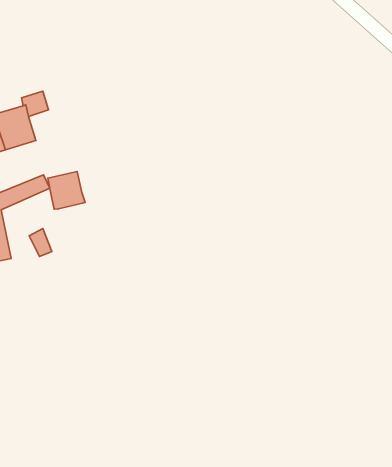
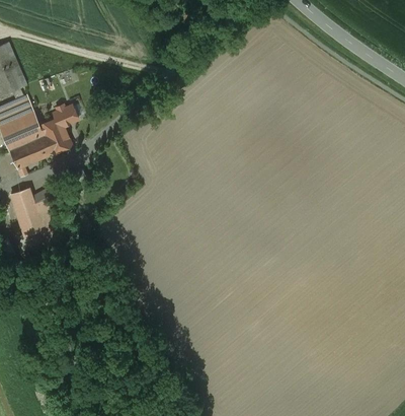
building: [48,171,85,209] -> none

